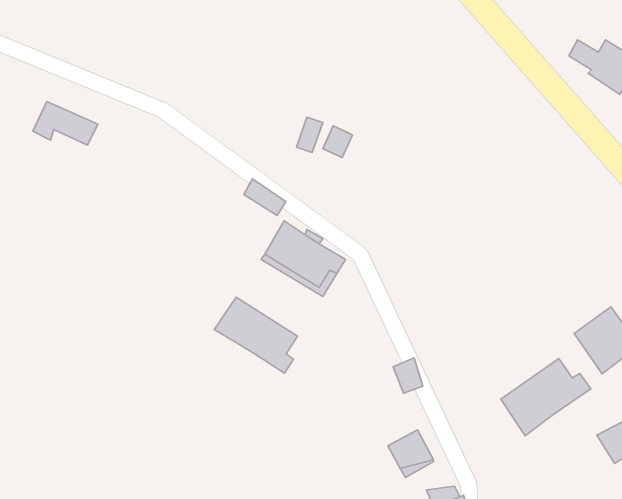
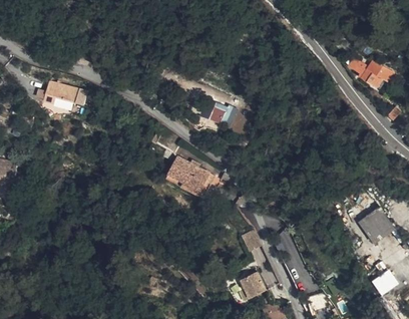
building: [214,297,298,373] -> none
building: [501,358,591,436] -> none

